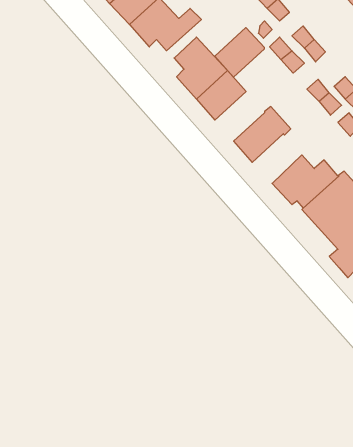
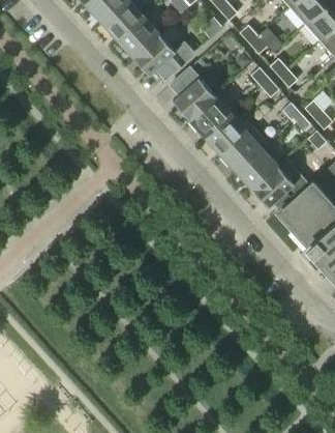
building: [215,28,264,77] -> [206,114,247,155]
building: none -> [237,149,278,191]

